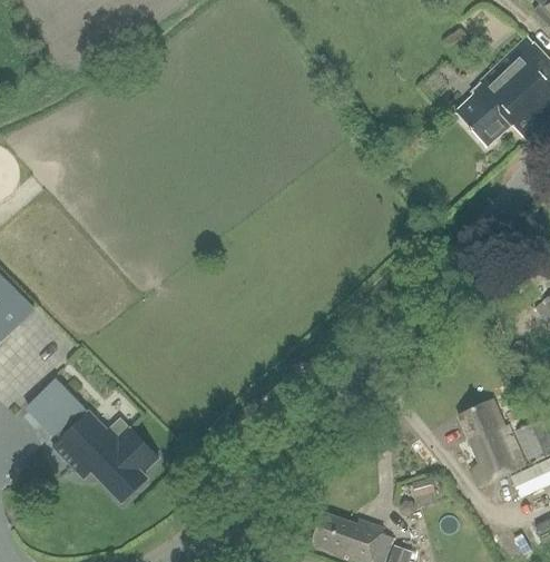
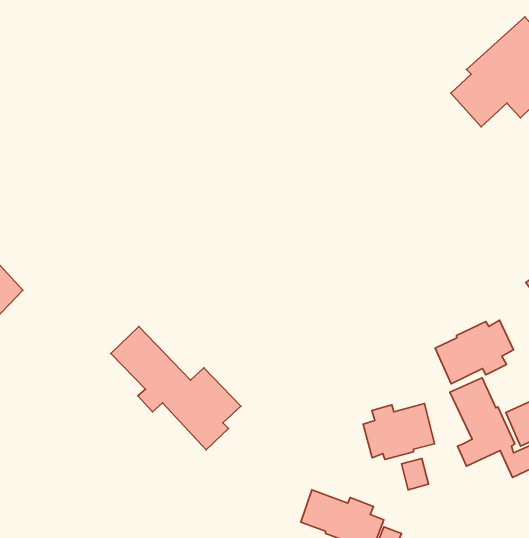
building: none -> [435,320,514,384]
building: [27,377,156,500] -> [111,327,241,450]
building: none -> [363,404,435,459]

